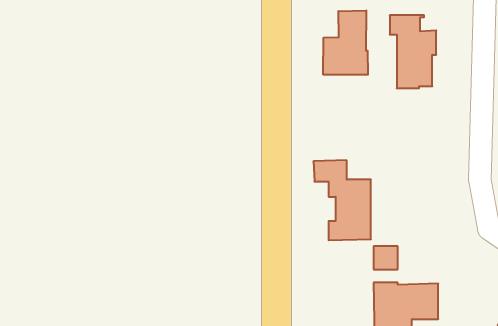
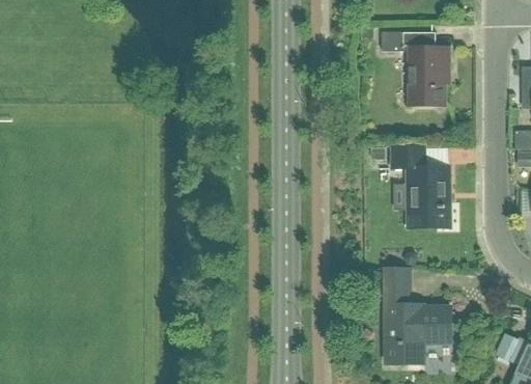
building: [323,10,368,75] -> none
building: [313,160,371,240] -> [390,146,449,228]

